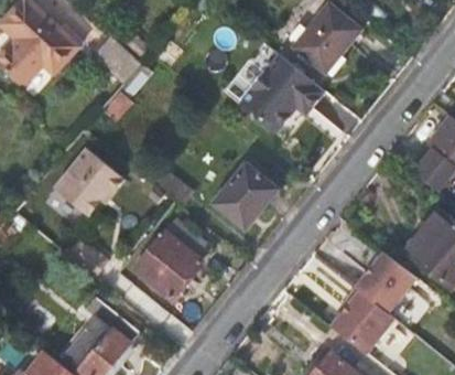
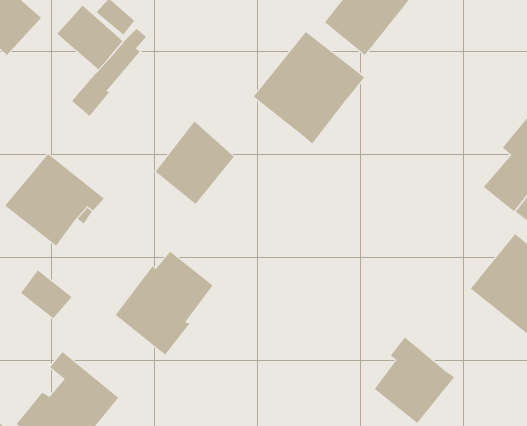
building: [215,164,275,228] -> [155,120,235,205]
building: [354,251,414,313] -> none

